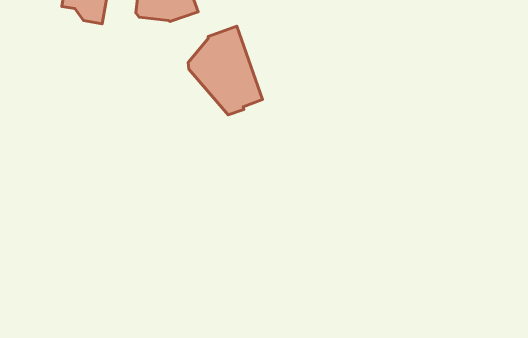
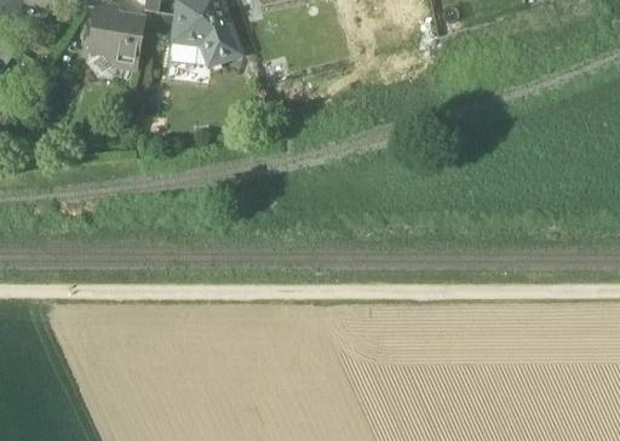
building: [188,26,263,115] -> none

